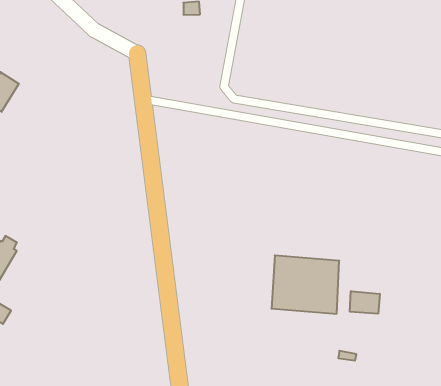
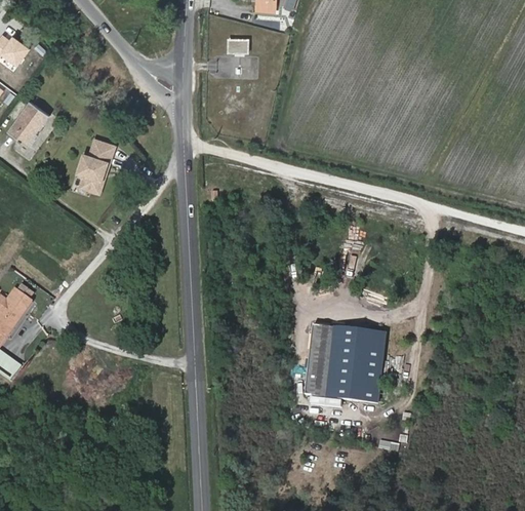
building: none -> [75,141,112,194]
building: [350,291,380,314] -> none

